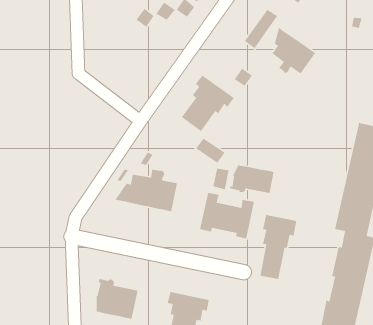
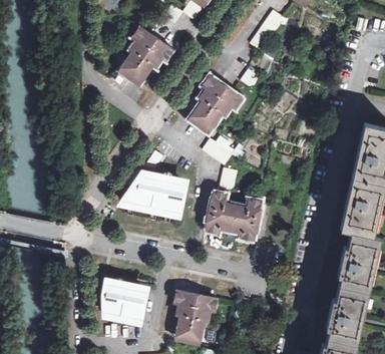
building: none -> [119,26,172,83]
building: [271,26,316,74] -> none
building: [229,164,275,194] -> none
building: [259,214,297,280] -> none

